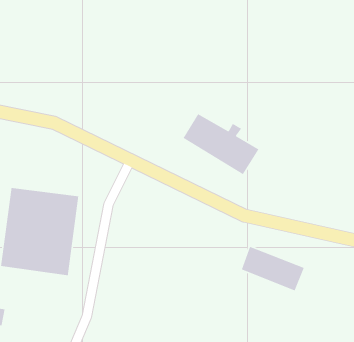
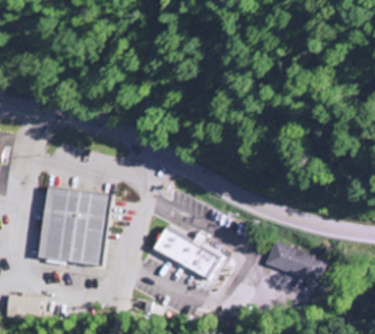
building: [183,113,260,175] -> [150,223,222,281]

